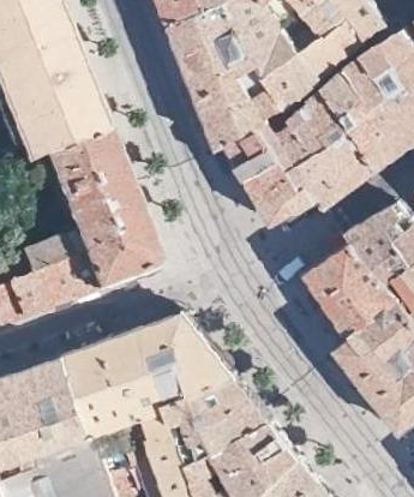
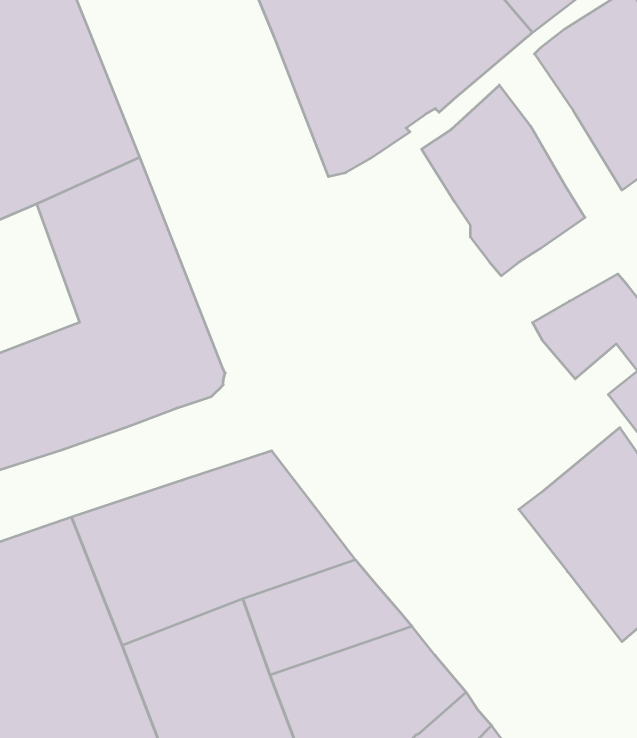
building: [324,67,400,168] -> none
building: [229,115,318,220] -> none
building: [308,244,398,337] -> none

